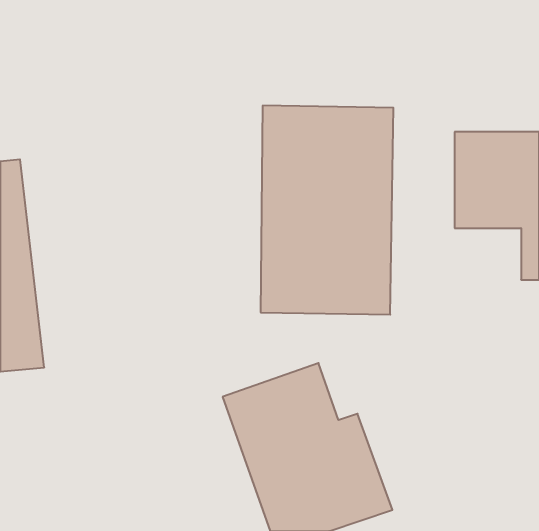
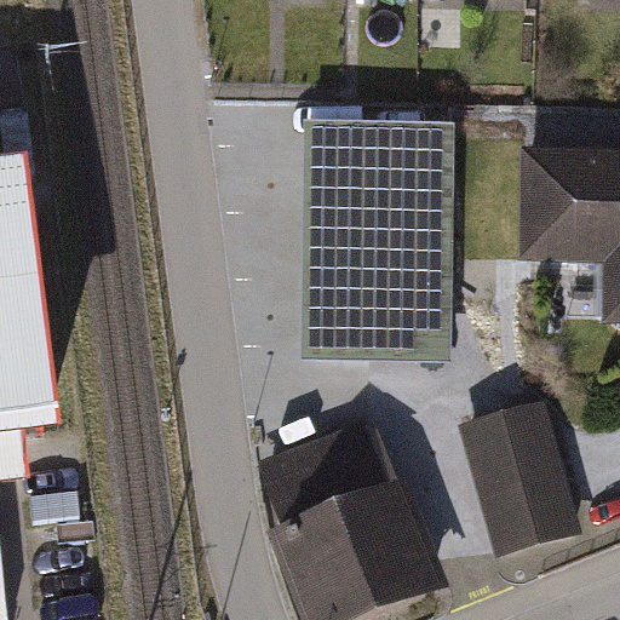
building: none -> [460,400,584,555]

